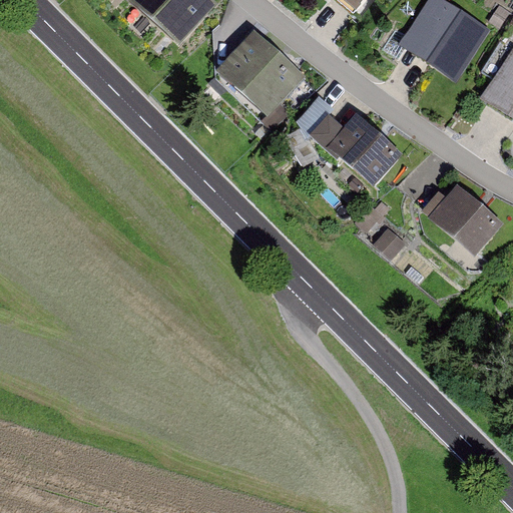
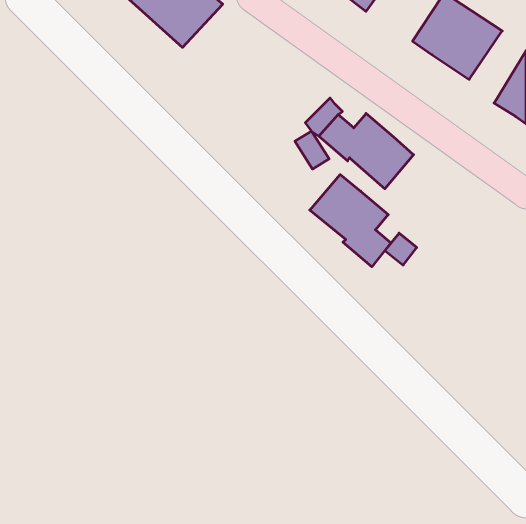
building: [216,32,306,119] -> none
building: none -> [310,175,391,267]
building: [424,181,502,251] -> none

